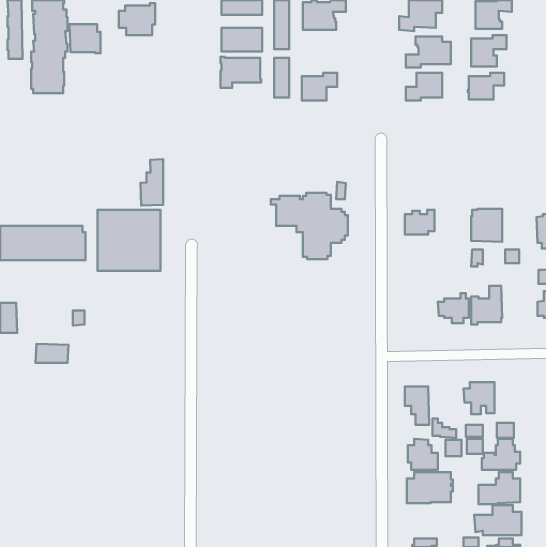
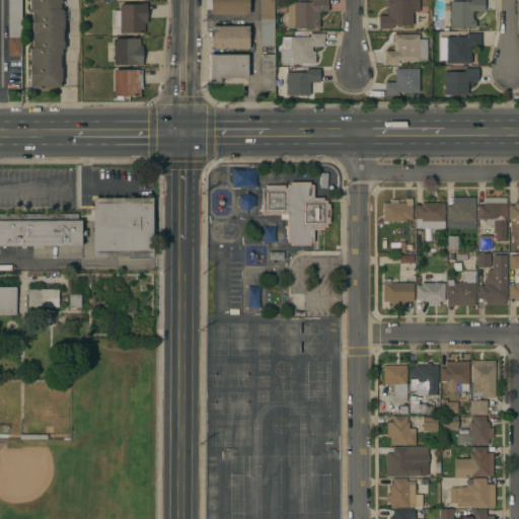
building: [69,24,100,53] -> [114,39,143,66]
building: none -> [281,33,325,65]
building: none -> [114,70,142,96]
building: [141,159,163,206] -> none
building: none -> [478,198,507,241]
building: none -> [416,203,445,229]
building: none -> [478,253,508,305]
building: none -> [383,280,415,306]
building: [35,344,69,363] -> [28,289,60,307]
building: none -> [472,361,496,397]
building: none -> [410,363,438,395]
building: none -> [386,478,423,508]

